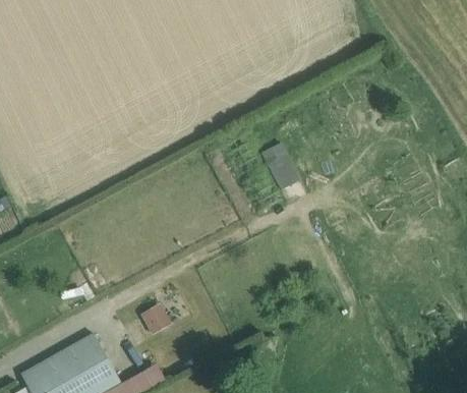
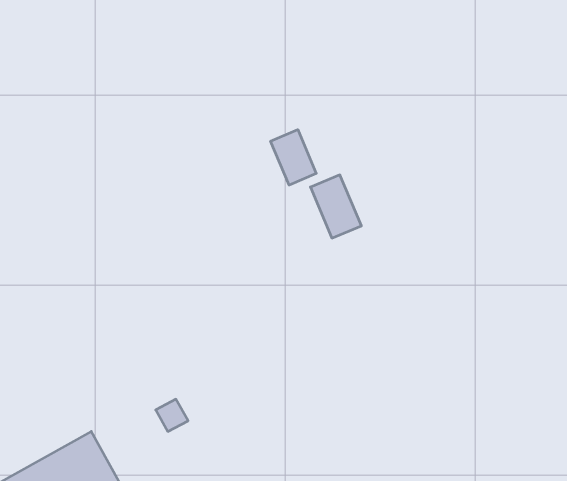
building: none -> [271,130,316,185]

